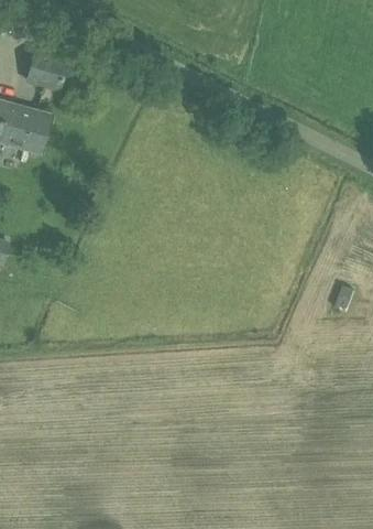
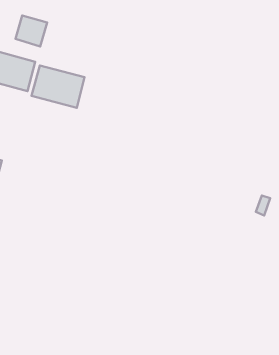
building: none -> [32,65,84,108]

